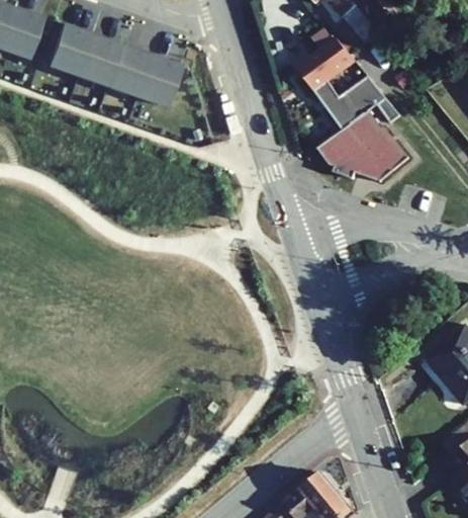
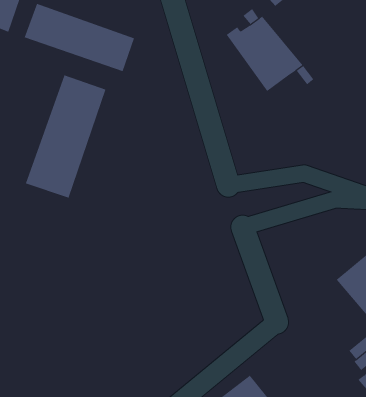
building: none -> [25,75,106,198]
building: [318,111,409,182] -> none

